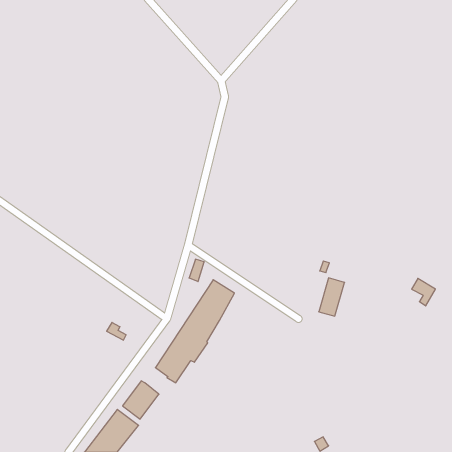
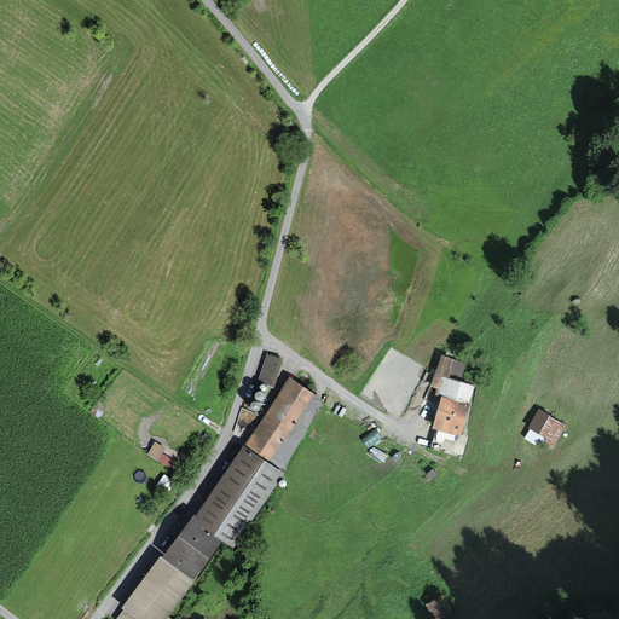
building: [412,278,435,306] -> [530,410,562,447]
building: none -> [197,501,239,542]

